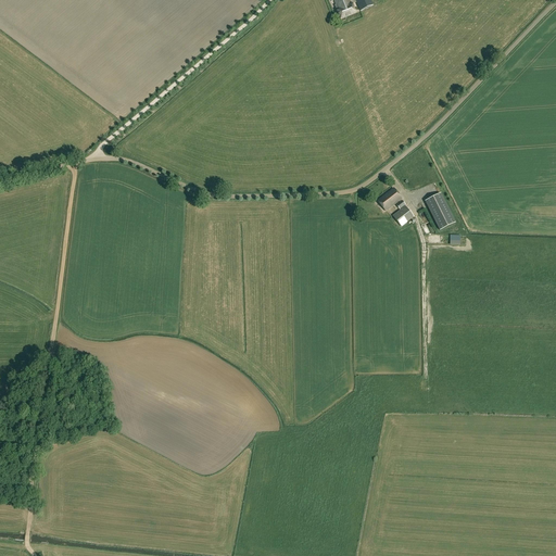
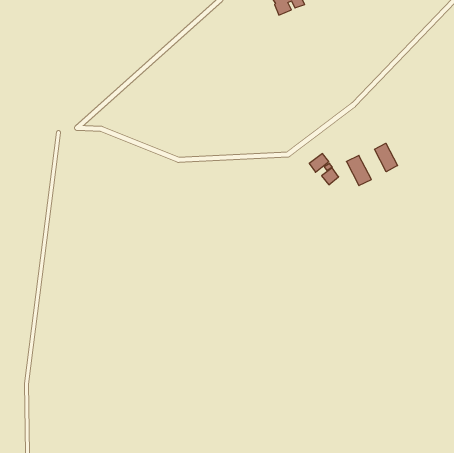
building: none -> [375,143,398,172]

